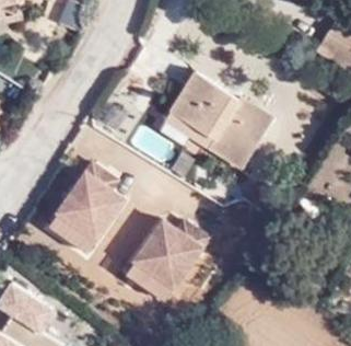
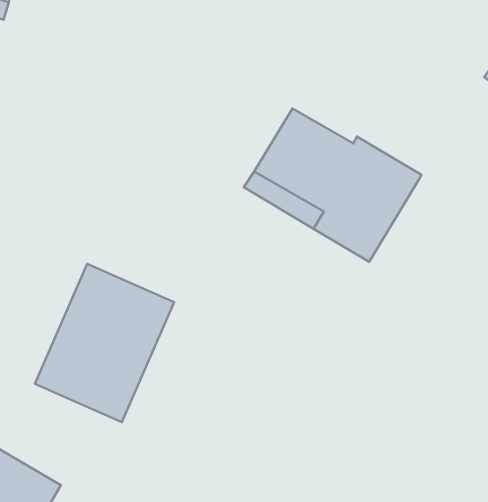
building: [114,216,201,311] -> none

